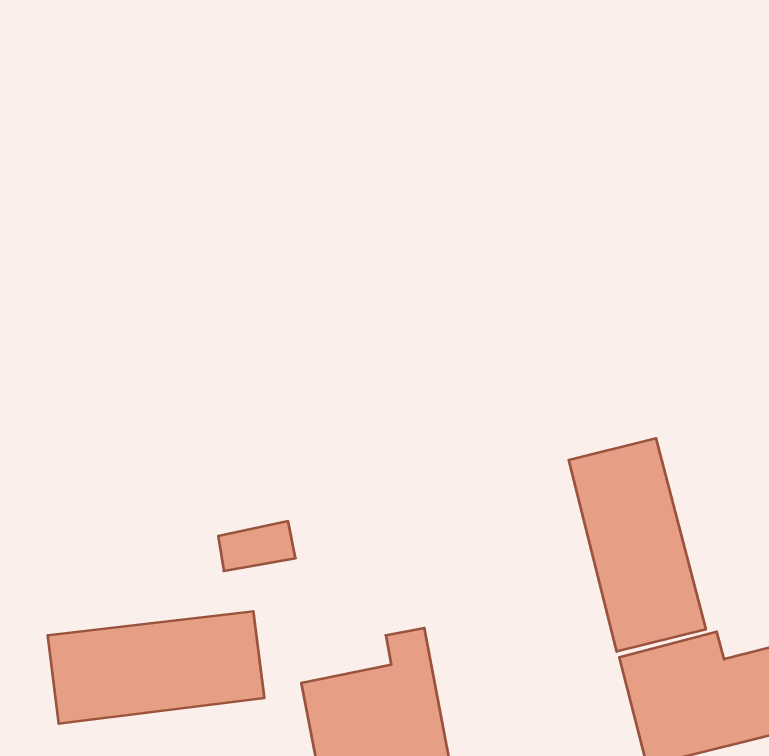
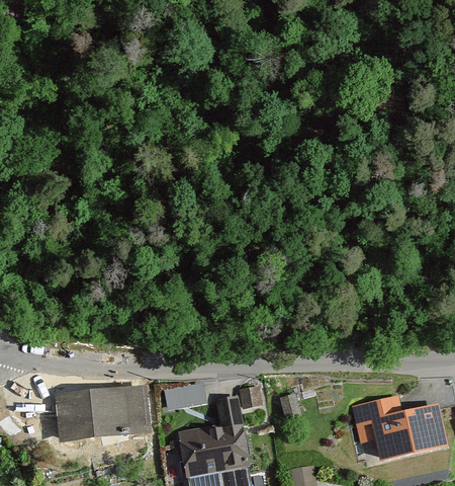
building: [569,438,706,652] -> none
building: [218,521,296,571] -> [162,382,204,409]

